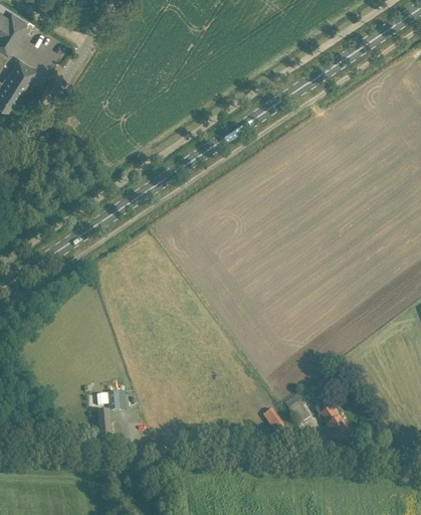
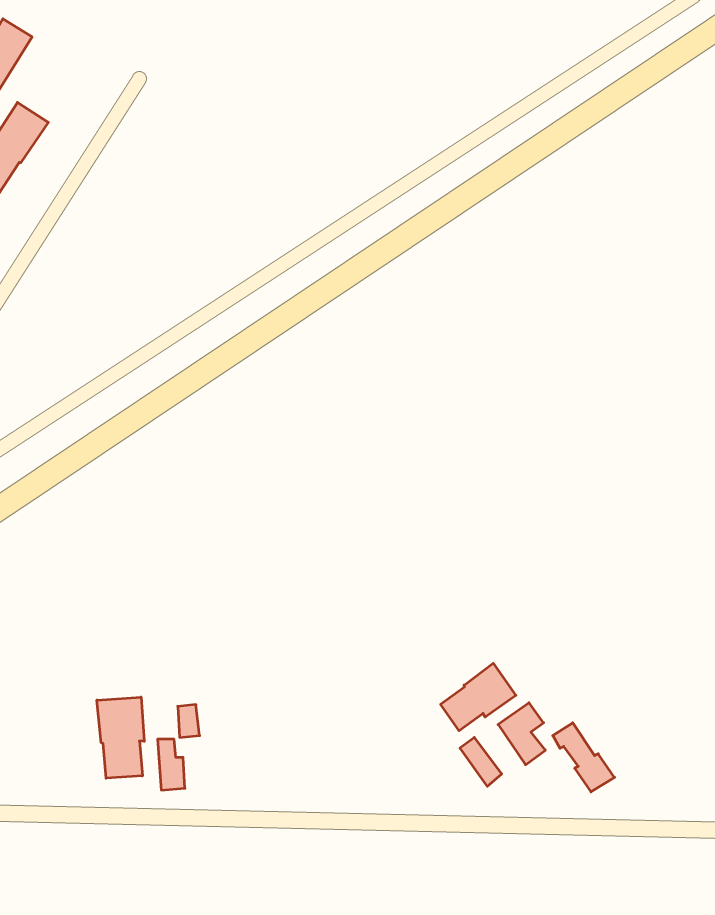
building: none -> [441,663,516,731]
building: none -> [97,697,144,778]

